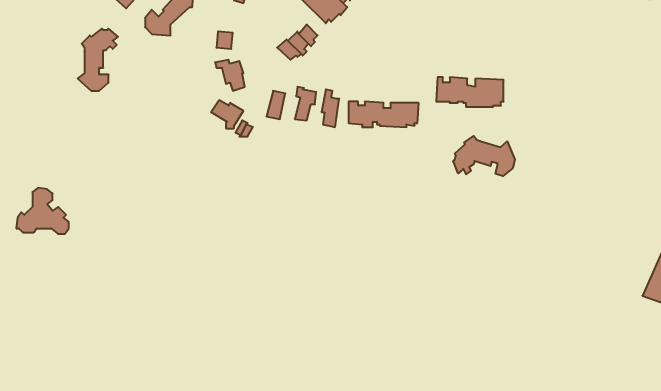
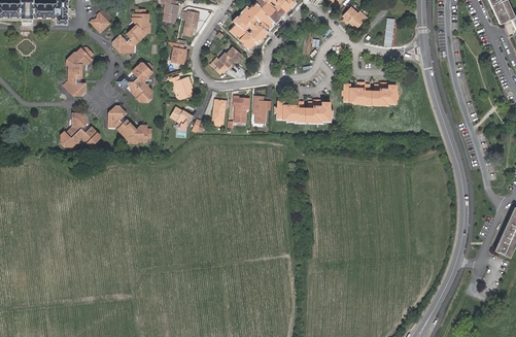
building: none -> [116,62,153,102]
building: none -> [109,107,153,143]
building: [453,136,515,176] -> none
building: [16,188,69,234] -> [61,112,101,147]

